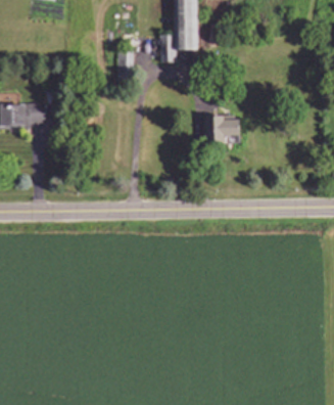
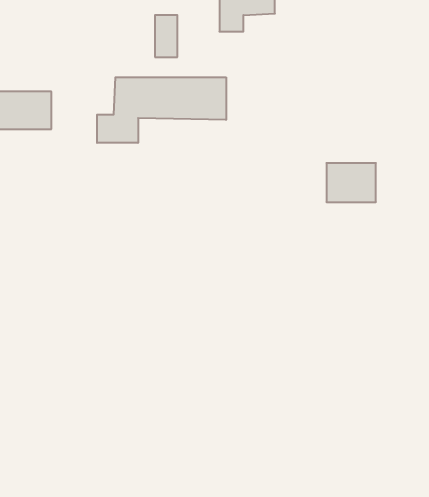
building: none -> [97,77,226,143]
building: [206,116,240,142] -> [326,163,376,202]

